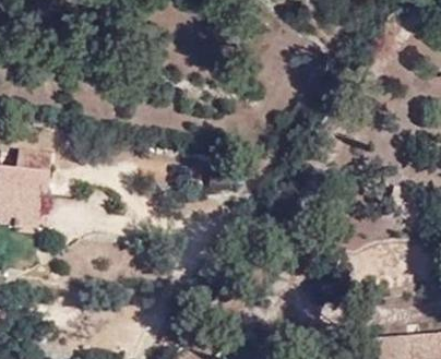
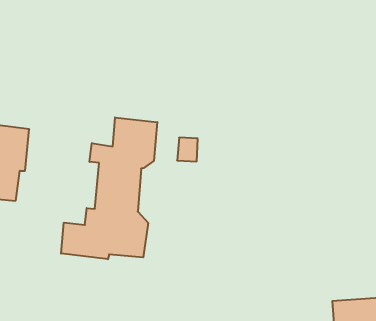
building: none -> [61,117,157,259]

